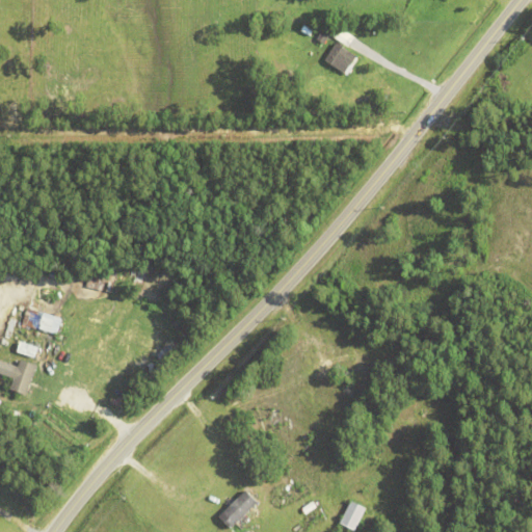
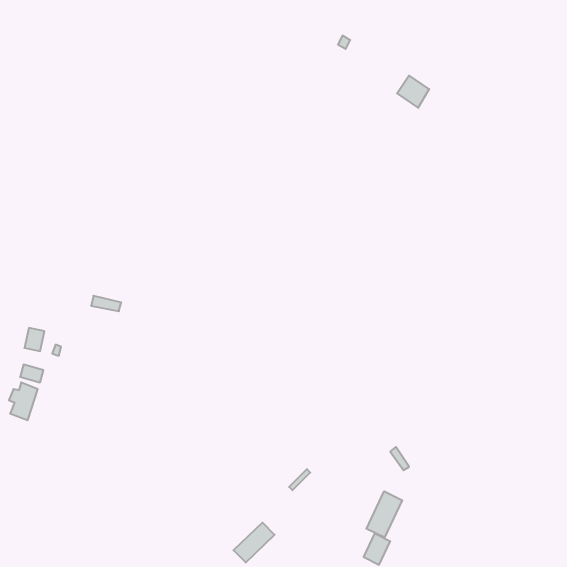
building: [324,47,354,77] -> [397,76,429,108]
building: none -> [366,491,402,538]

